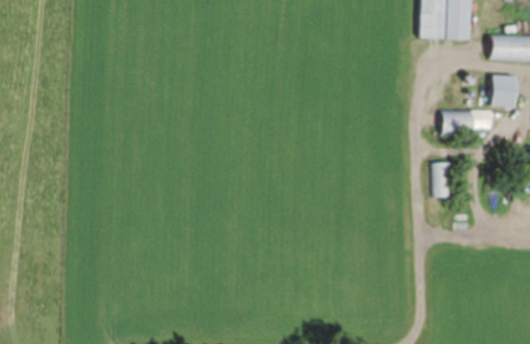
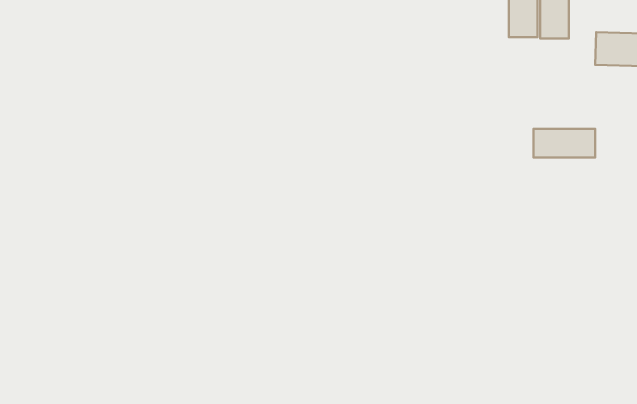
building: [491,76,516,108] -> none
building: [434,163,451,198] -> none

